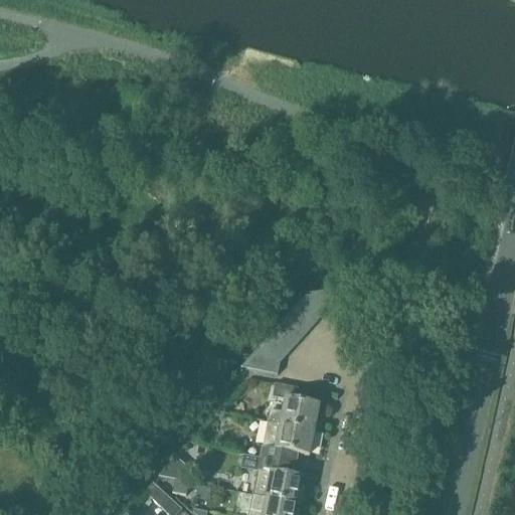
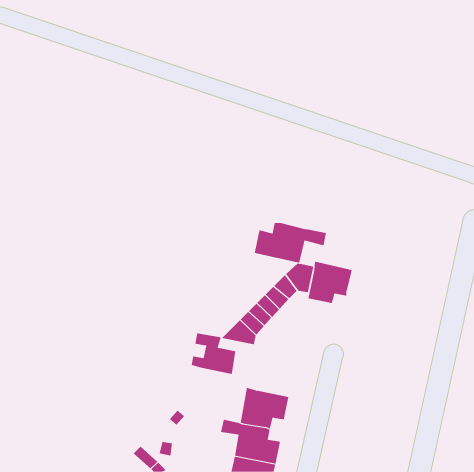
building: none -> [254,222,327,263]
building: none -> [308,261,352,304]
building: [268,384,317,430] -> [191,333,236,374]

